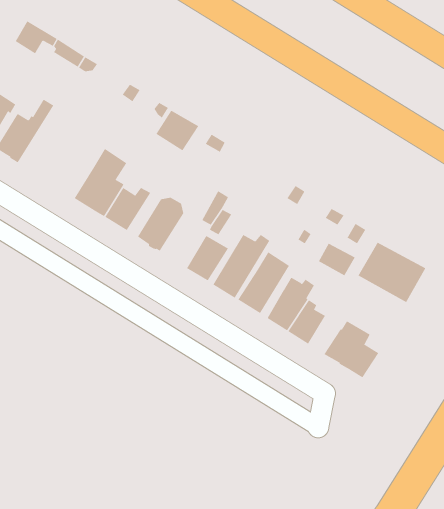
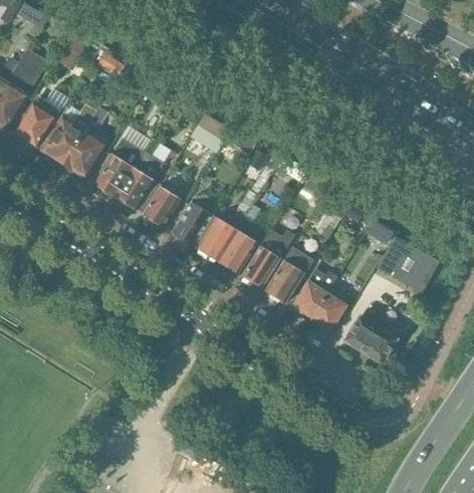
building: none -> [63,105,109,176]
building: none -> [94,138,143,196]
building: none -> [197,217,236,260]
building: [318,243,356,276] -> none

